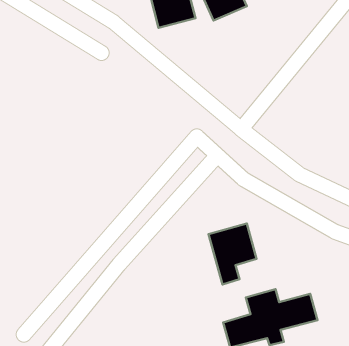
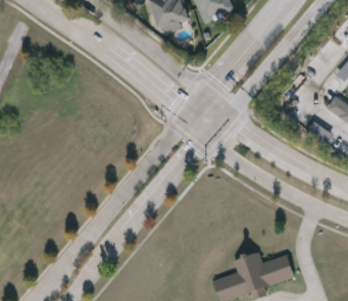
building: [209,223,256,284] -> none

